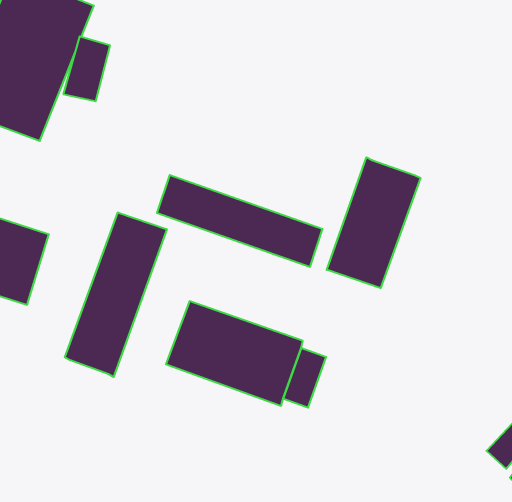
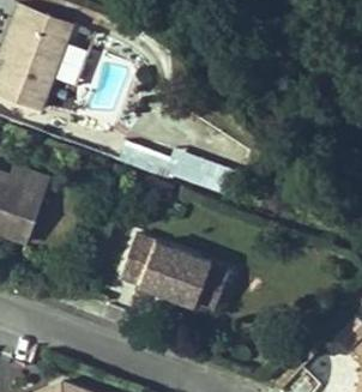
building: [327,157,421,288] -> none
building: [65,212,167,377] -> none

